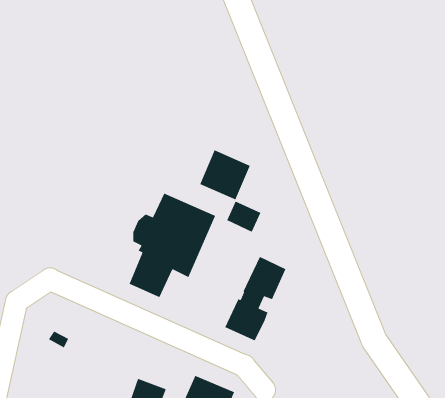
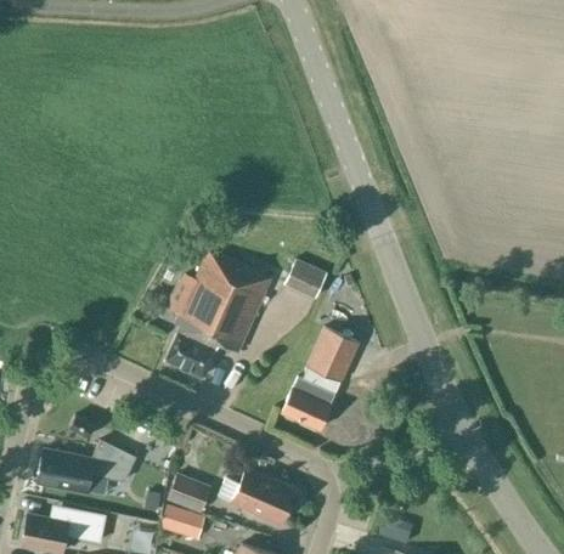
building: [199,149,251,201] -> none
building: none -> [38,440,136,492]

